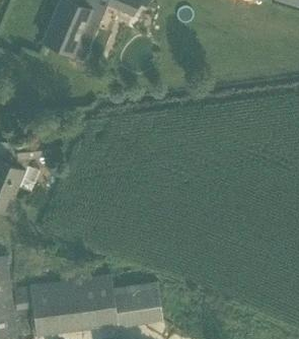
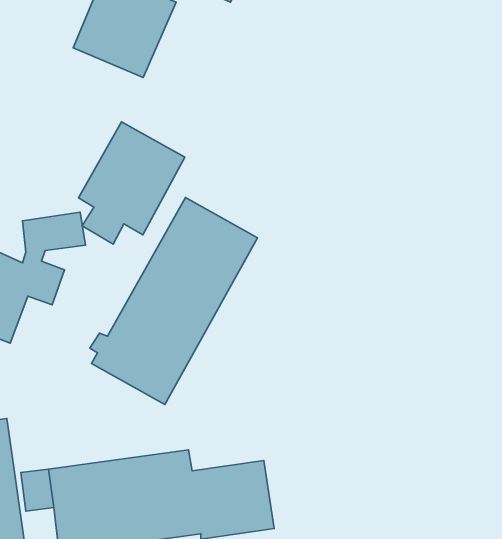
building: none -> [78,122,185,244]
building: none -> [90,197,257,404]

